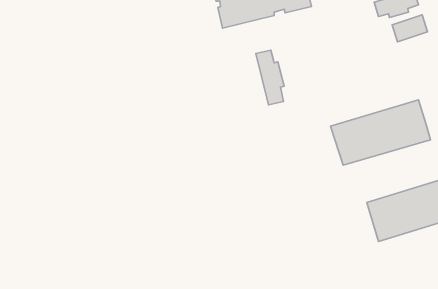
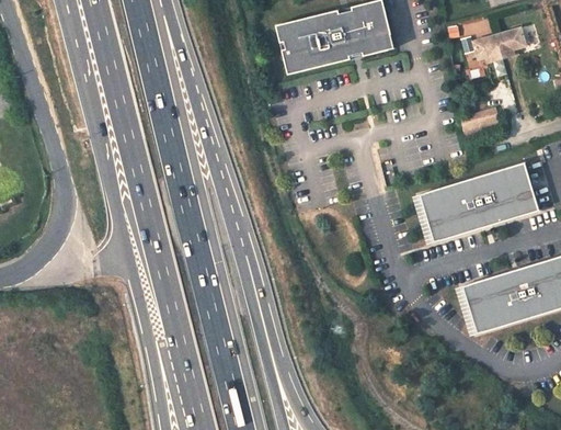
building: [392,15,428,42] -> [460,105,503,138]
building: [256,50,284,105] -> none

